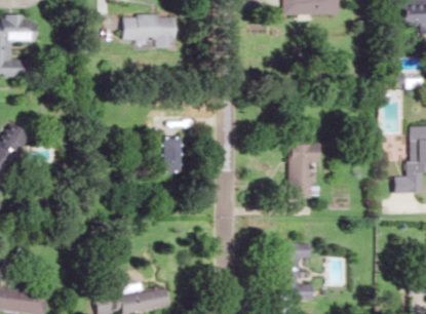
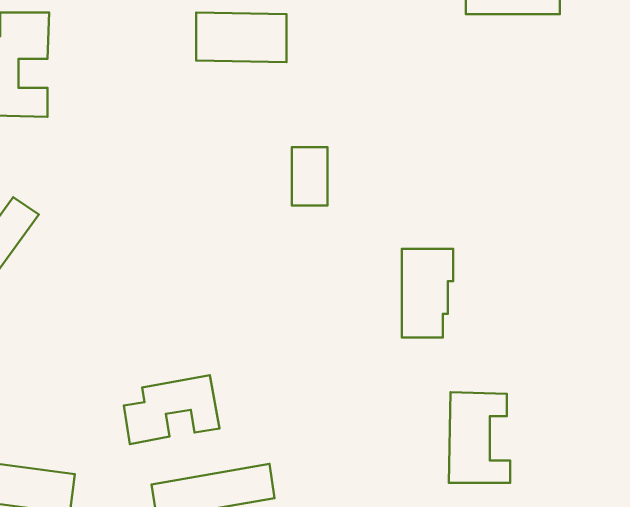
building: [160,138,182,172] -> [292,147,328,205]
building: [288,144,319,197] -> [402,249,453,338]
building: none -> [124,375,220,444]

